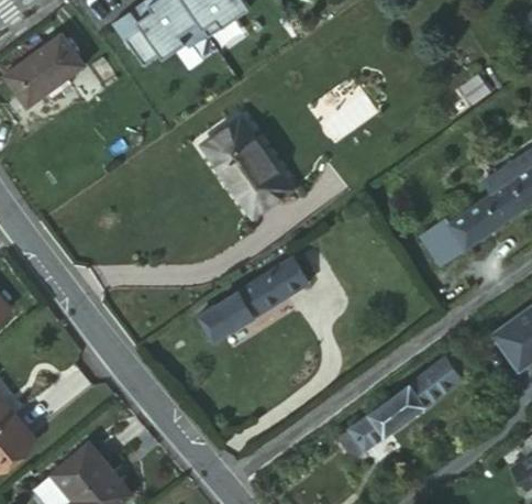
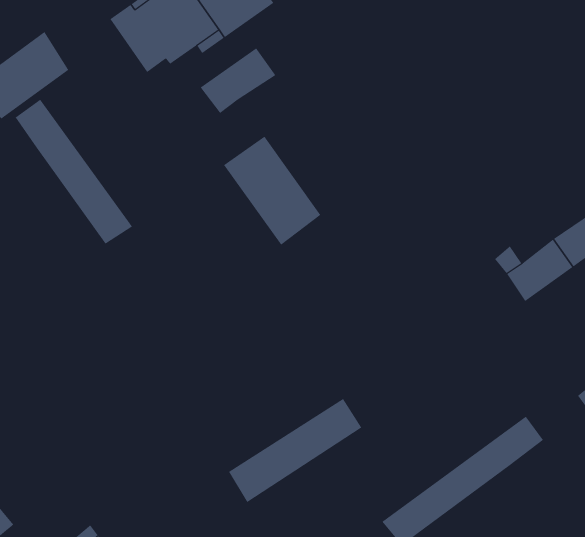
building: none -> [200,47,276,114]
building: none -> [15,99,133,245]
building: [198,255,308,341] -> [228,398,362,503]

